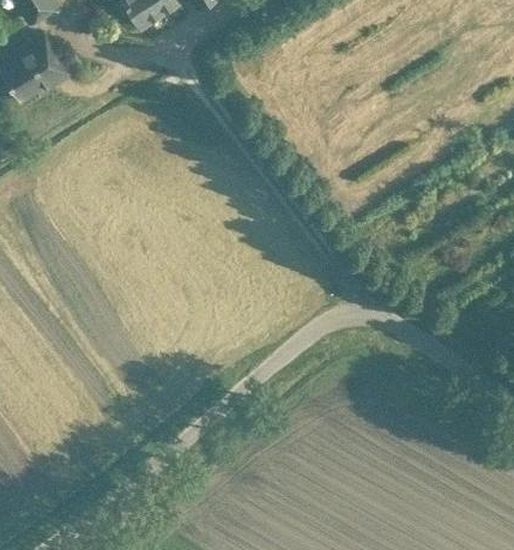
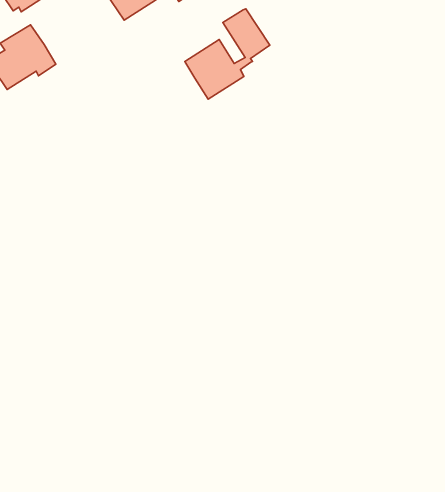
building: none -> [185,9,270,99]

